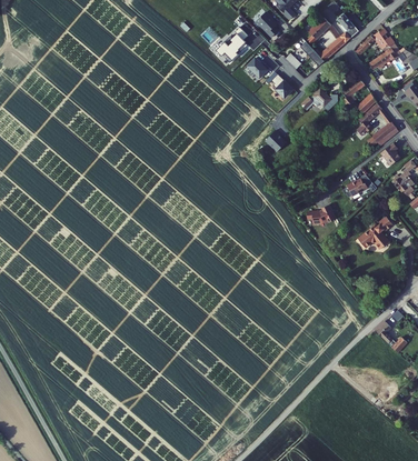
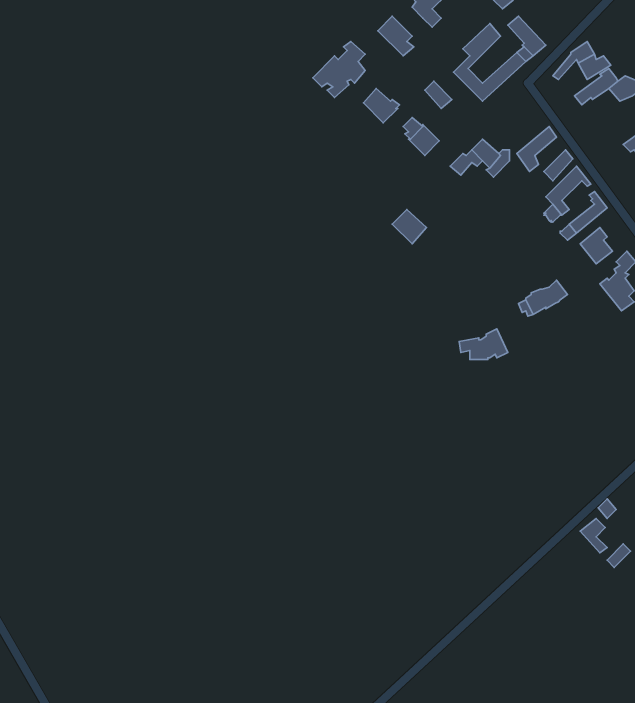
building: [360,218,396,252] -> none

